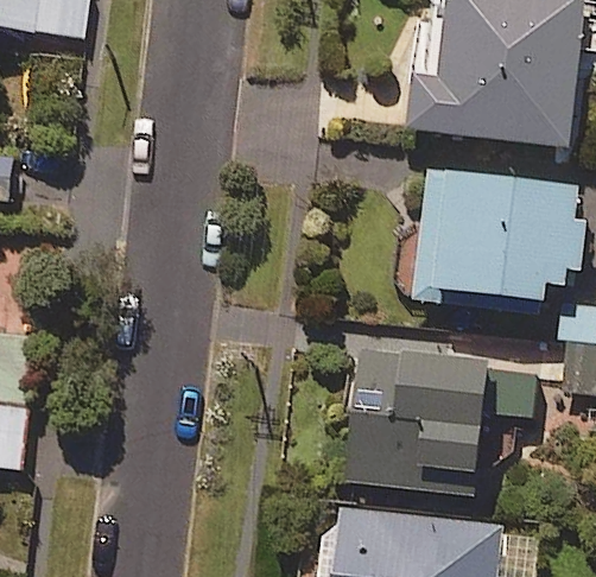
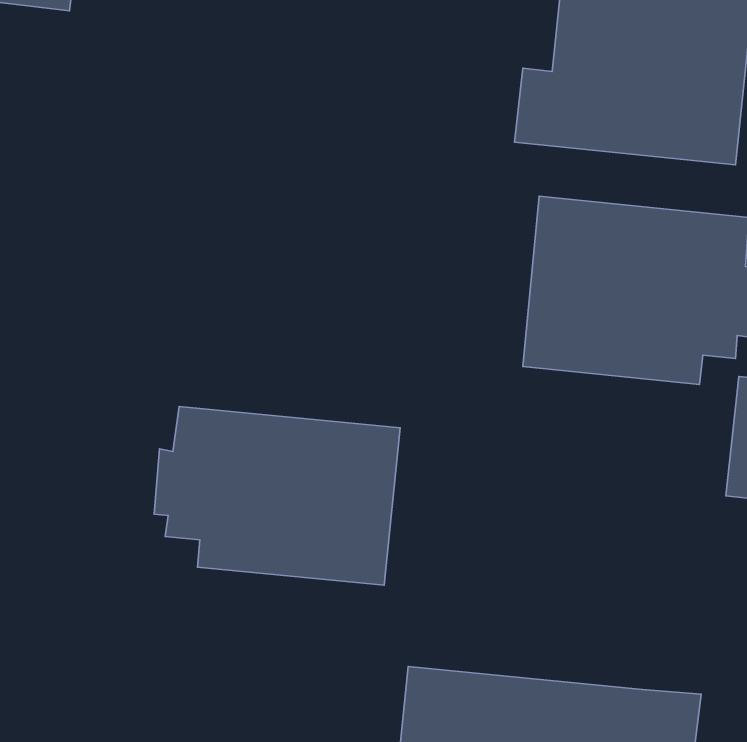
building: none -> [154,406,400,585]
building: [343,340,538,488] -> none

